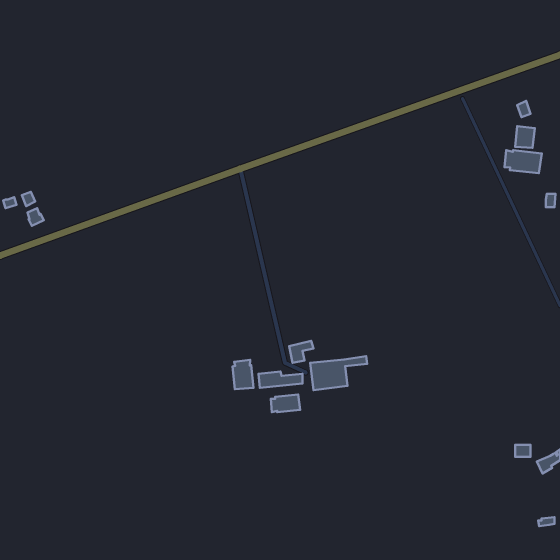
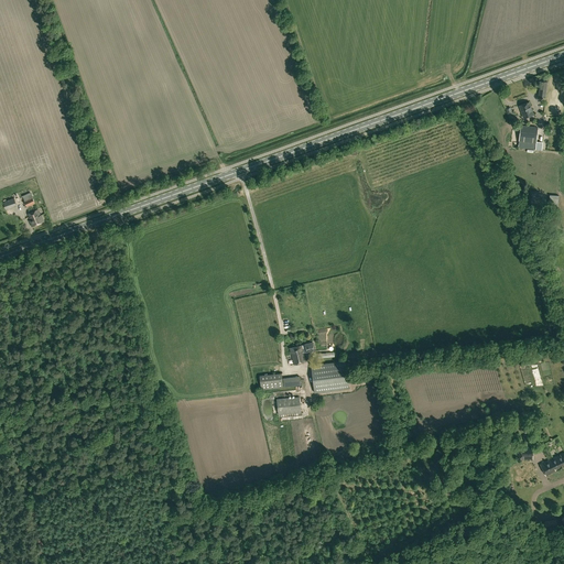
building: [505,150,542,173] -> none
building: [232,360,254,389] -> none

